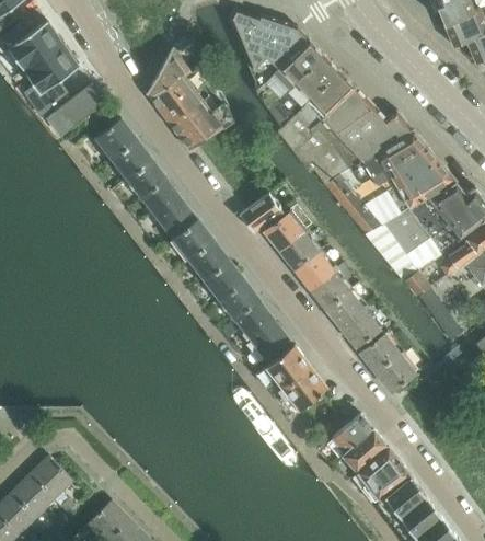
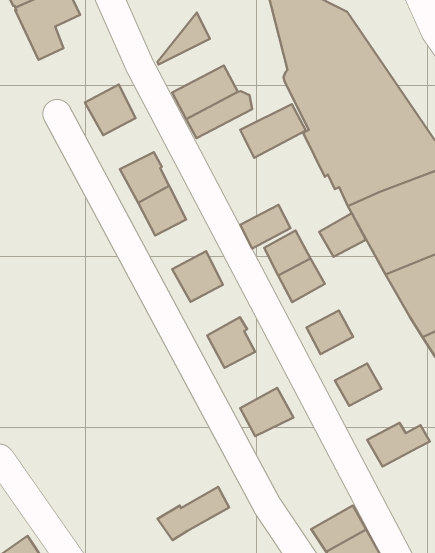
building: [149,67,203,116] -> [240,104,306,158]
building: [46,83,104,134] -> none
building: [114,142,158,186] -> none
building: [171,218,215,261] -> none
building: [292,251,332,289] -> [319,213,366,257]
building: [209,266,252,310] -> none
building: [323,290,362,329] -> none
building: [246,316,289,359] -> none
building: [357,333,397,372] -> none
building: [281,365,326,407] -> none
building: [314,413,371,463] -> [157,487,229,540]

